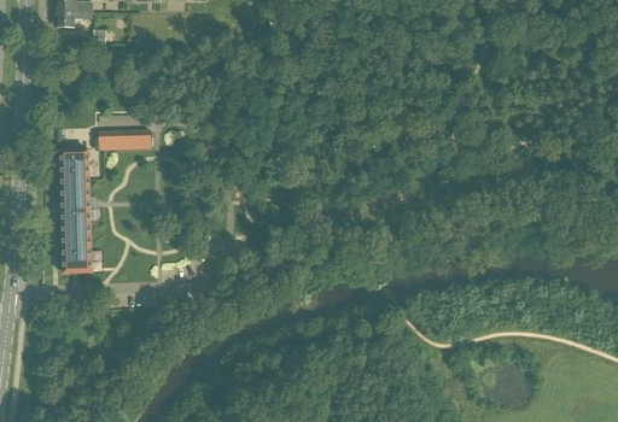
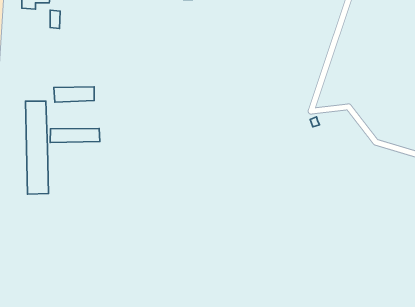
building: none -> [50,129,100,142]

